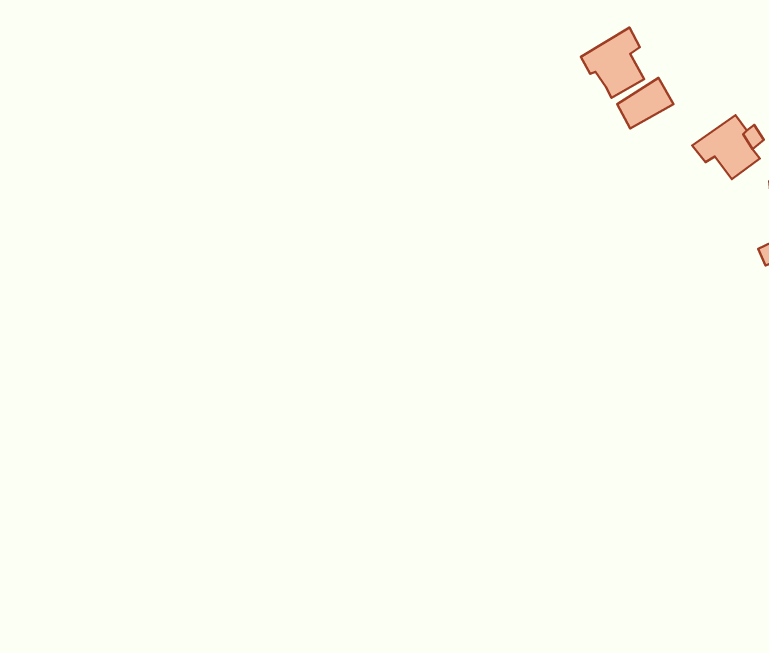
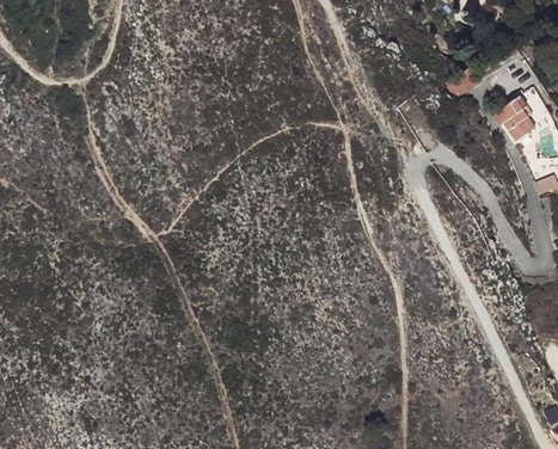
building: [581,28,644,98] -> none

